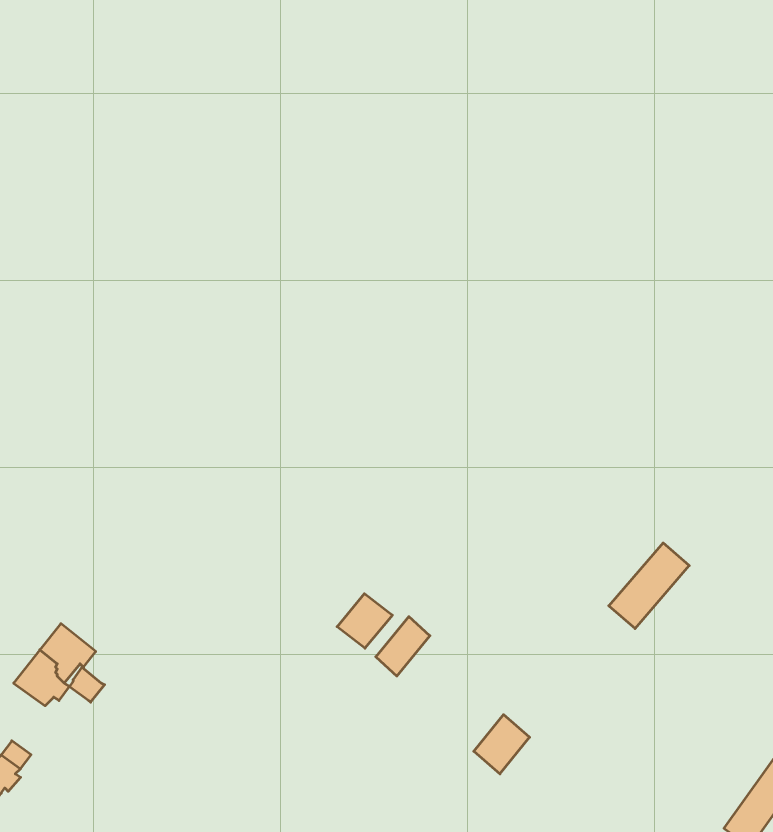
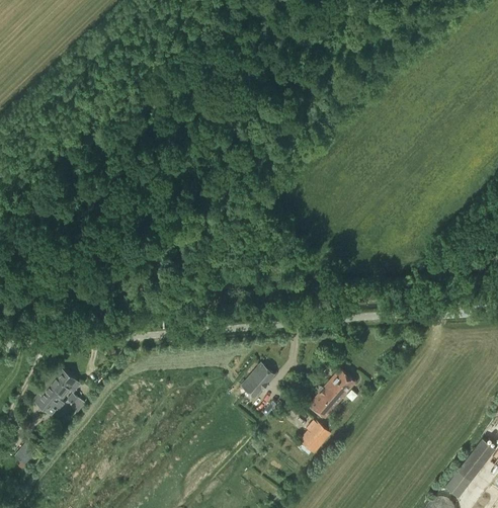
building: [609,543,689,629] -> [309,370,355,420]
building: [337,594,392,648] -> none

